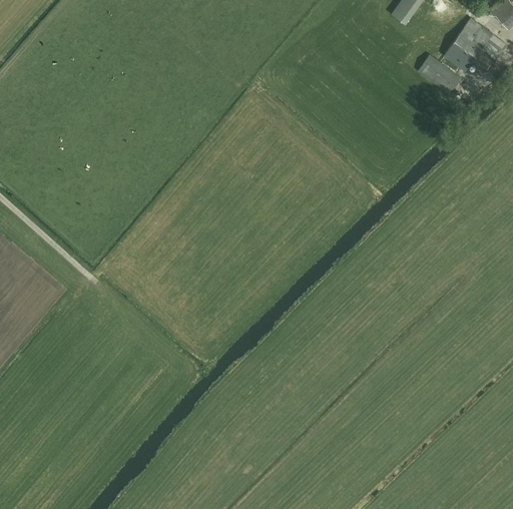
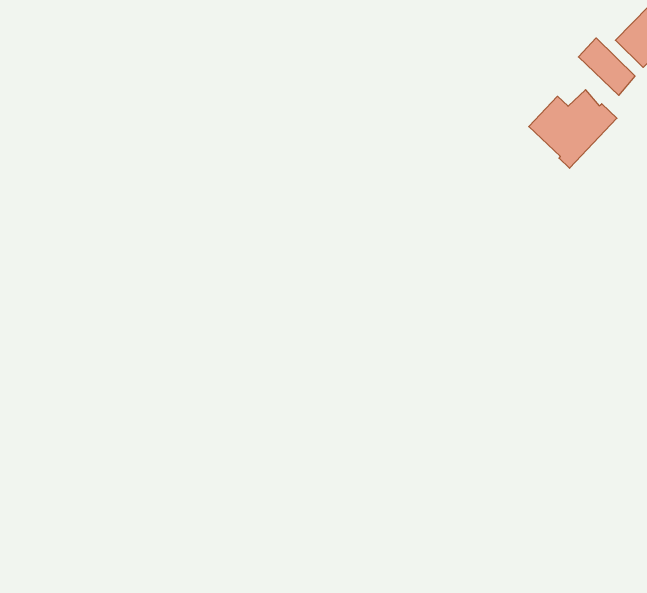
building: none -> [529,90,617,168]

